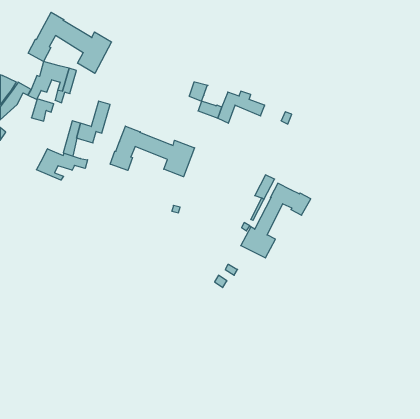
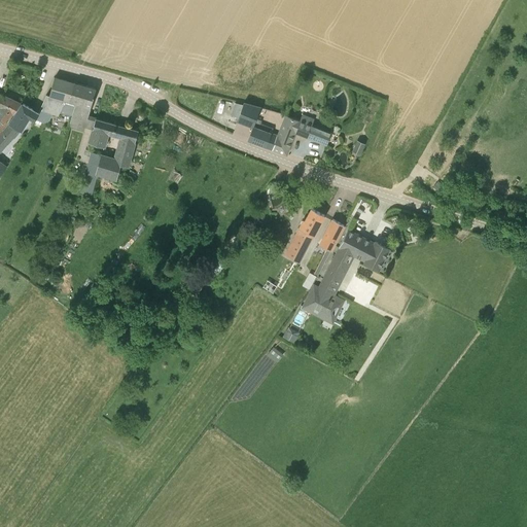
building: [28,12,112,73] -> none
building: [31,99,54,121] -> [89,119,116,147]
building: [110,126,195,177] -> none
building: [36,149,88,180] -> none
building: none -> [284,209,324,264]

